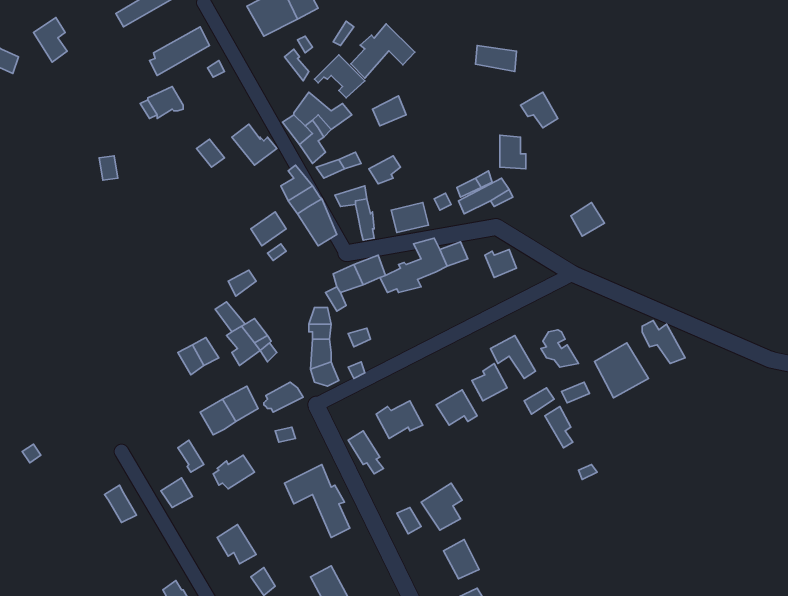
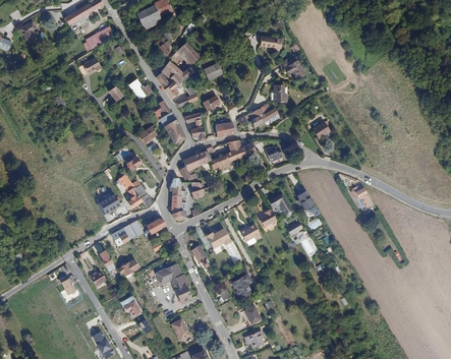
building: [351,24,415,78] -> none
building: [595,343,648,398] -> none

